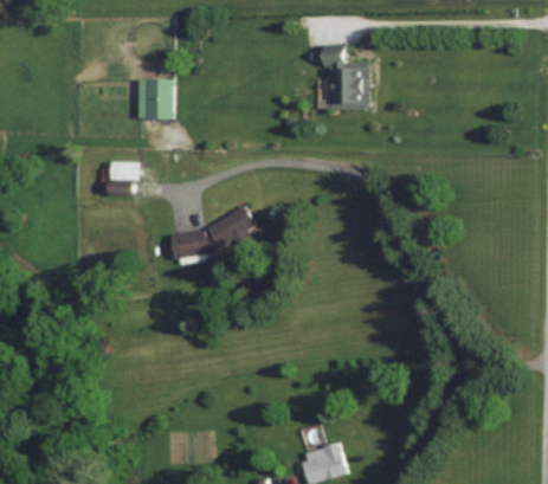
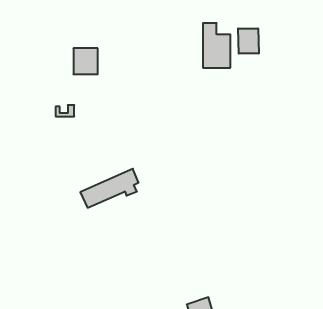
building: none -> [238,28,259,54]
building: [169,206,254,263] -> [80,169,139,208]

